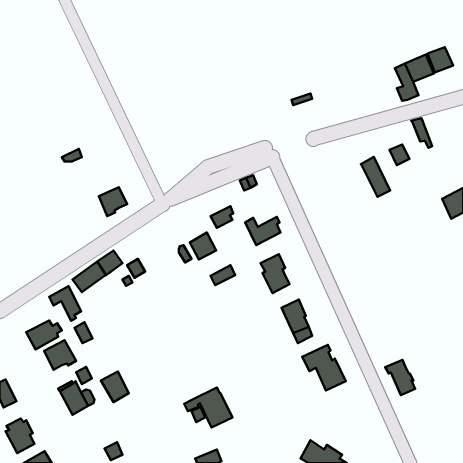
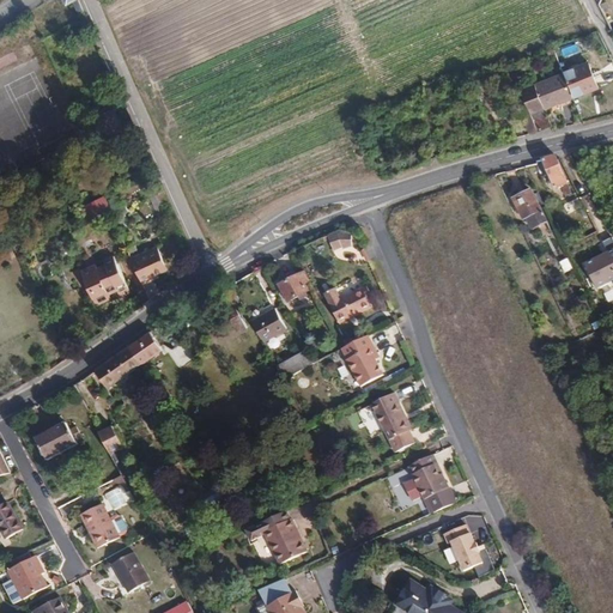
building: [361,157,390,197] -> none
building: none -> [83,255,134,305]
building: [49,286,81,321] -> none
building: [44,340,76,370] -> none
building: [385,360,415,395] -> [443,526,482,572]
building: [101,371,129,402] -> [111,552,148,593]

